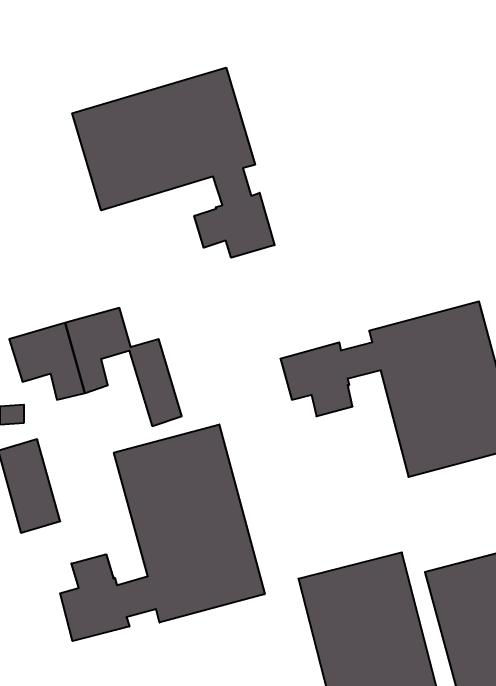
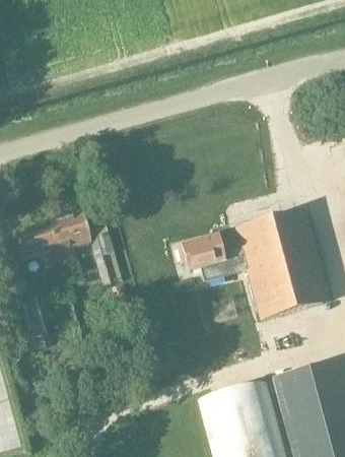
building: [72,68,275,258] -> none
building: [60,424,265,641] -> none

